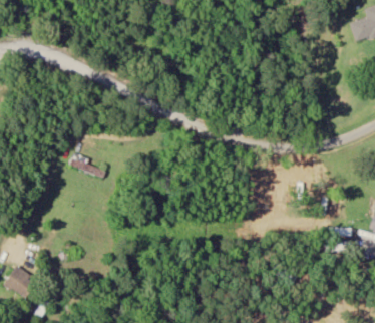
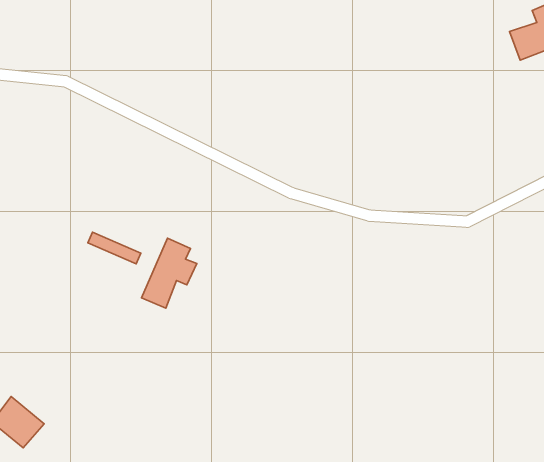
building: none -> [142,238,197,308]

